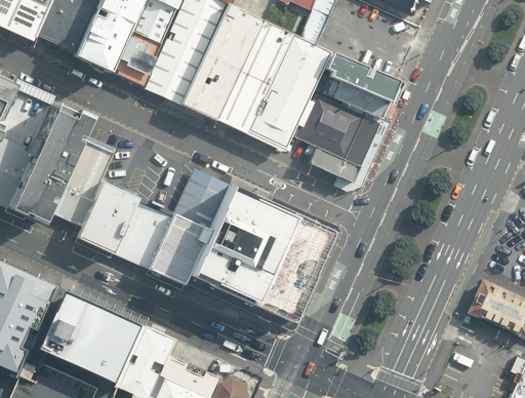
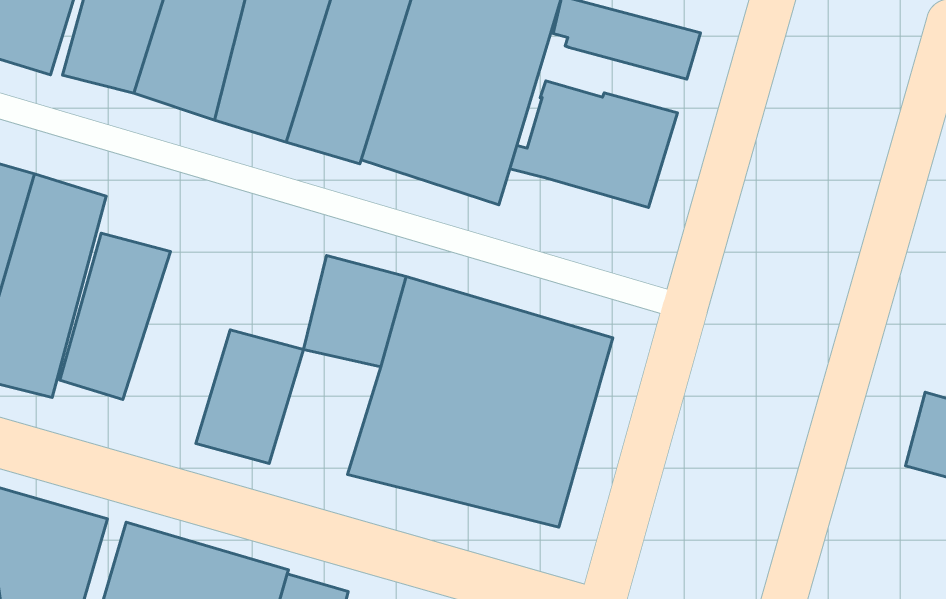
building: [324,79,387,120] -> none
building: [302,144,358,185] -> none
building: [73,182,136,253] -> none
building: [147,213,210,282] -> none

